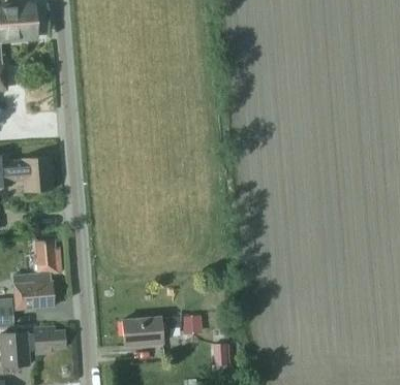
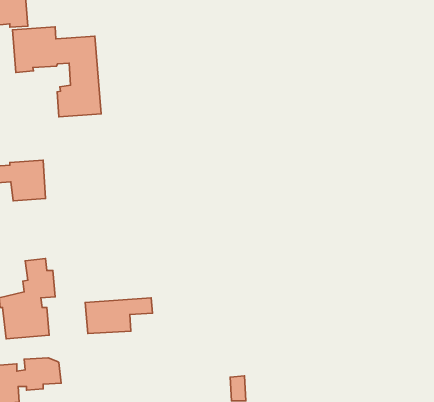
building: none -> [13,27,101,117]
building: [122,315,180,346] -> [85,298,152,334]

